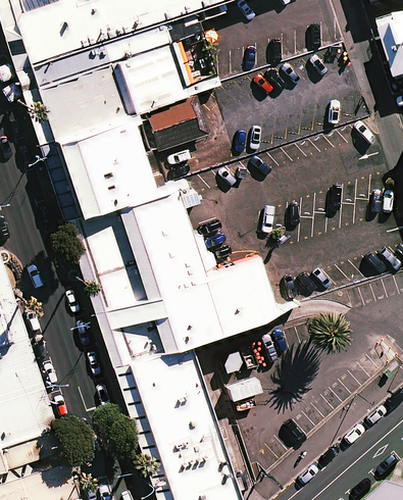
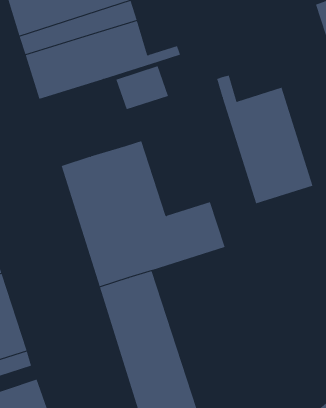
building: none -> [216,75,313,204]
building: [57,113,158,214] -> none

